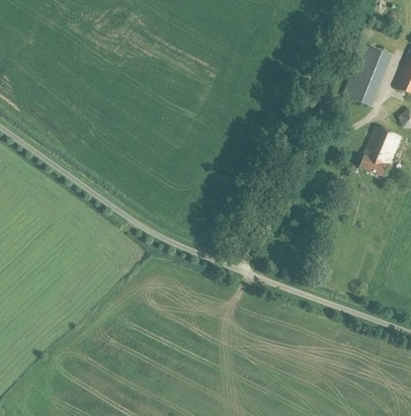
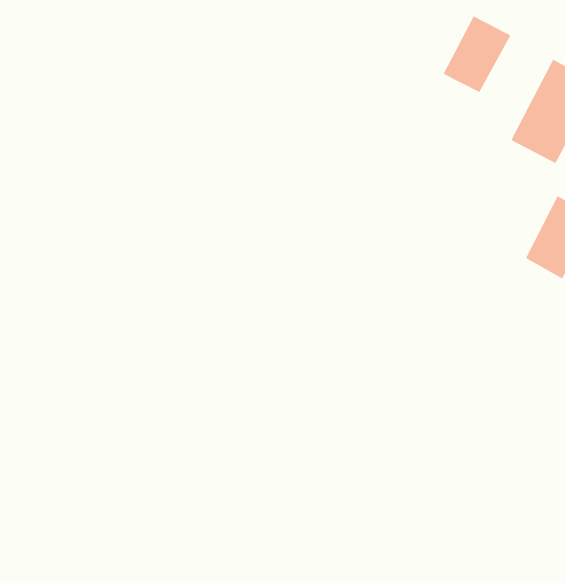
building: none -> [443,15,511,93]

